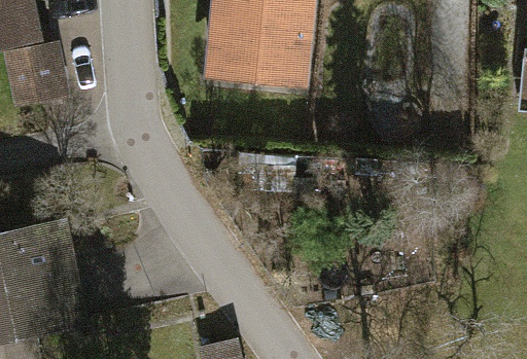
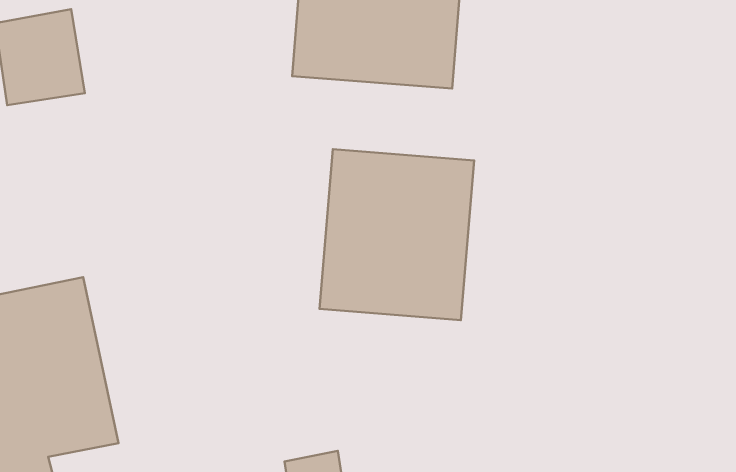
building: none -> [320,149,474,320]

